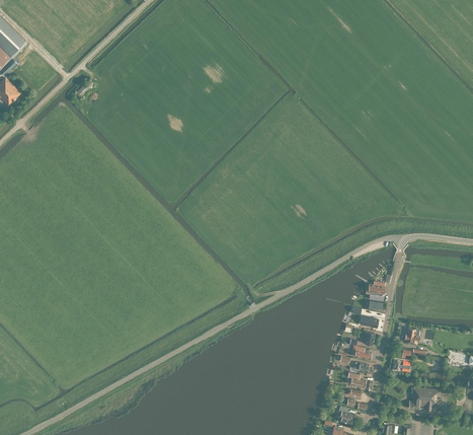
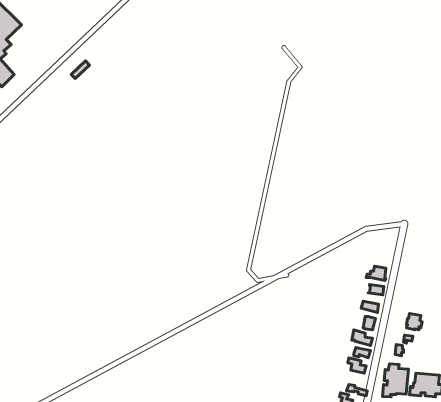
building: none -> [383,364,408,397]

